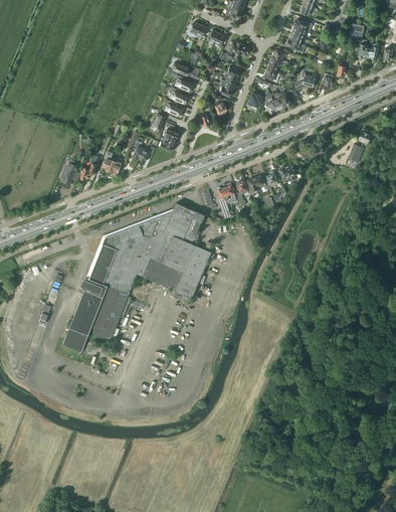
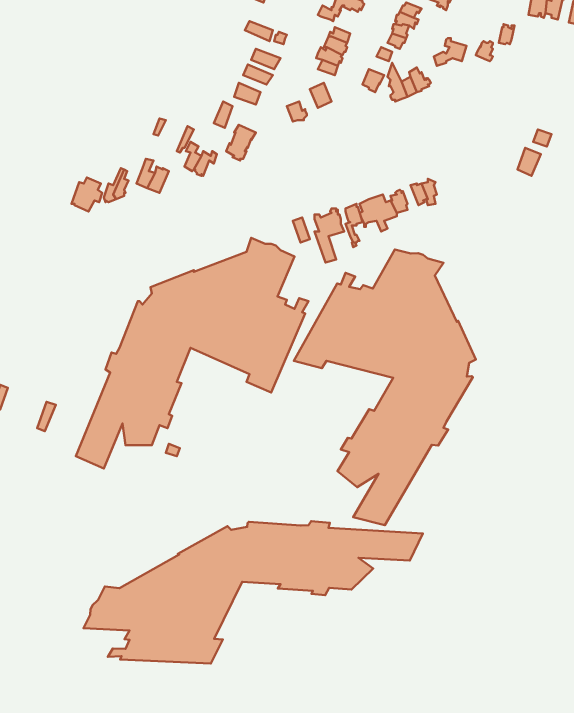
building: none -> [294,249,476,525]
building: none -> [84,521,423,663]

